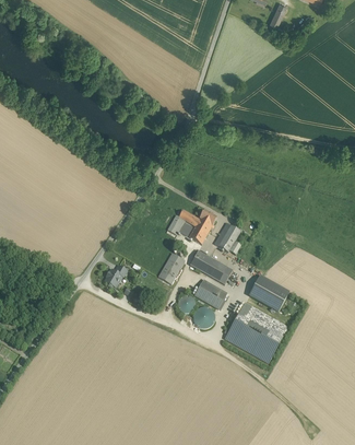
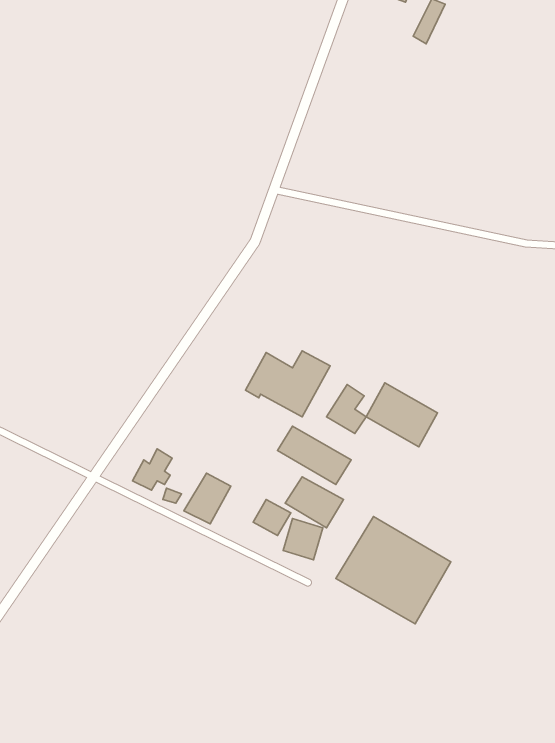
building: [158,254,186,283] -> [184,473,231,524]
building: [248,276,289,313] -> [366,383,438,447]

